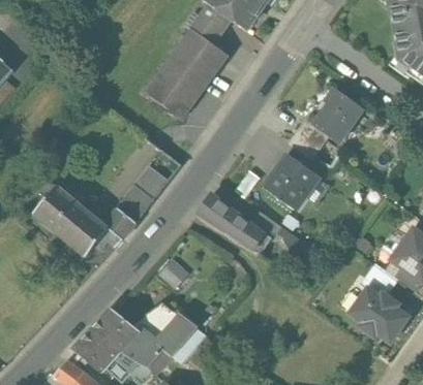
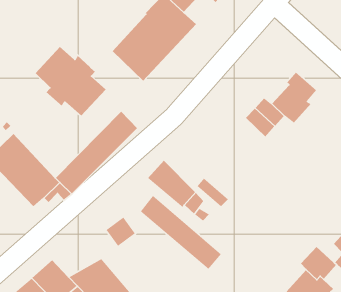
building: none -> [35,46,106,116]
building: [264,154,313,207] -> none
building: none -> [140,195,222,270]

